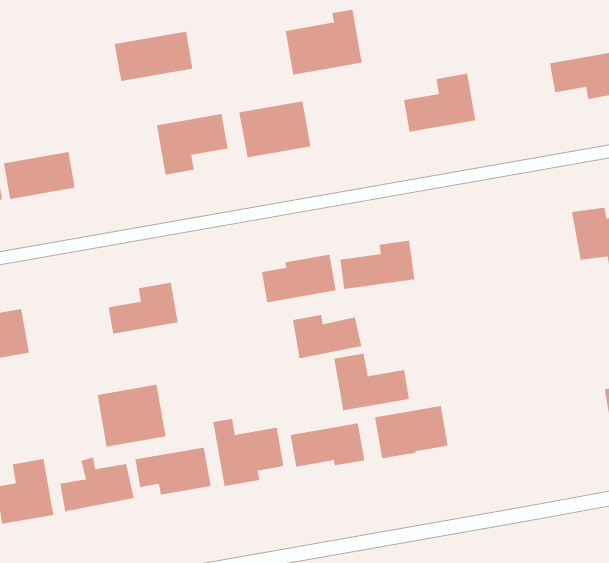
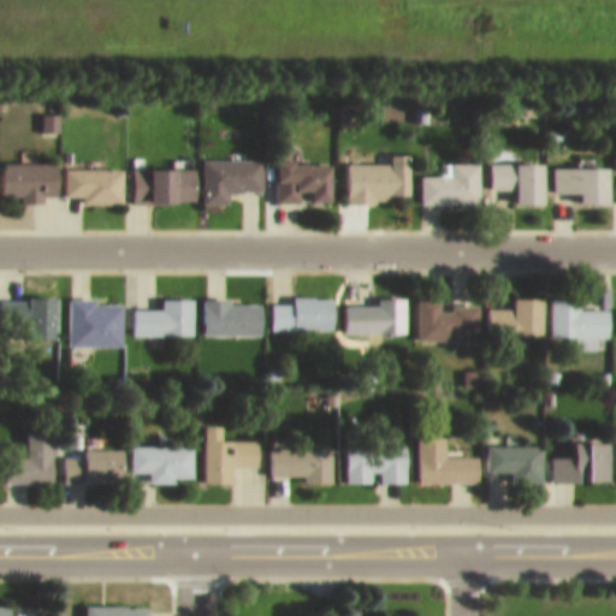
building: [285,9,363,75] -> [349,155,411,203]
building: [114,31,193,82] -> [132,171,197,205]
building: none -> [491,164,547,203]
building: none -> [487,300,544,337]
building: none -> [419,300,479,342]
building: [292,314,362,359] -> [203,300,260,334]
building: [333,353,410,411] -> [420,438,480,485]
building: none -> [487,448,541,486]
building: [97,384,167,447] -> [70,302,124,349]

